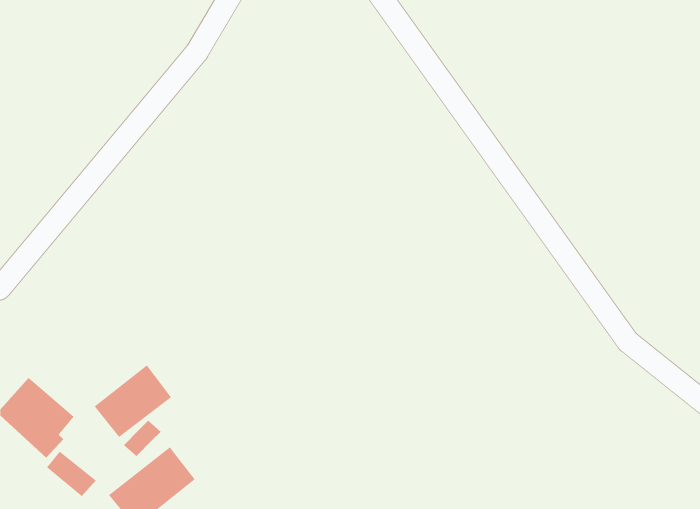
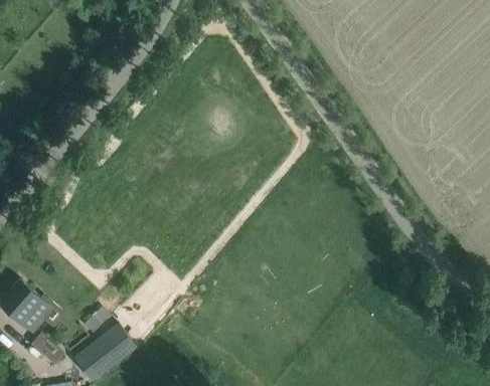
building: [94,364,172,438] -> none

